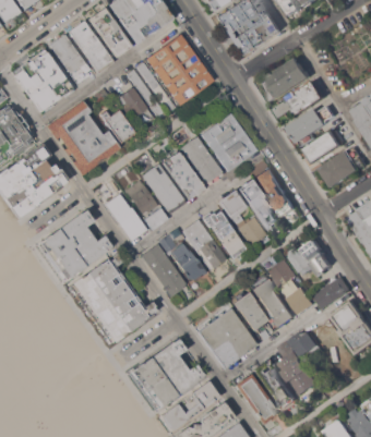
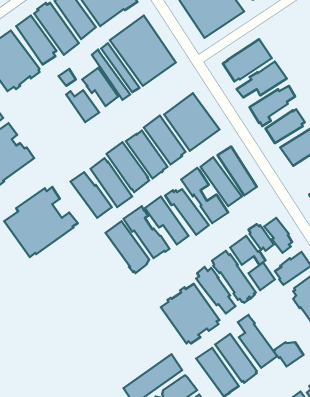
building: [47,100,120,175] -> none
building: [70,253,157,344] -> none
building: [288,332,319,357] -> [274,342,304,367]
building: [130,338,204,410] -> none

